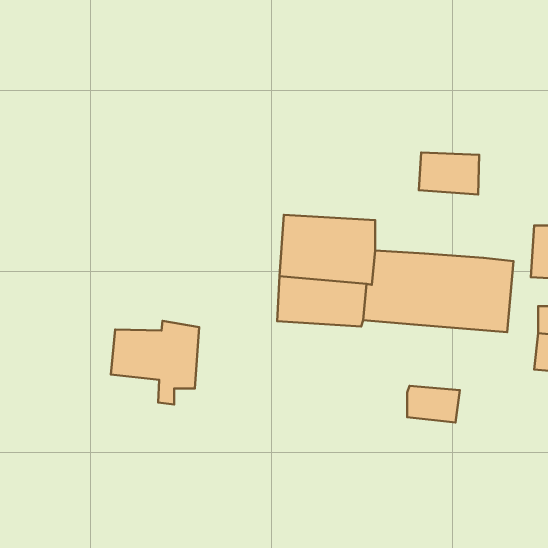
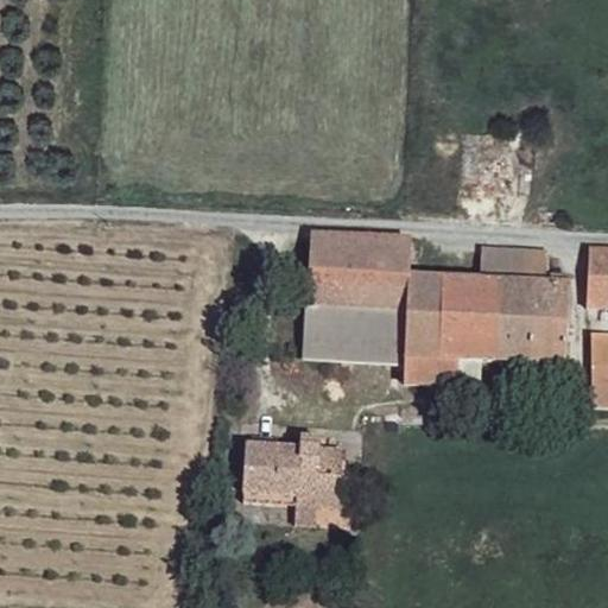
building: [419,153,479,194] -> [470,239,537,285]
building: [111,321,199,405] -> [233,425,330,518]
building: [407,386,460,422] -> [400,354,458,394]

